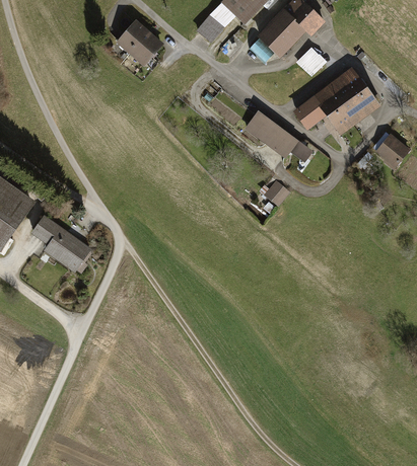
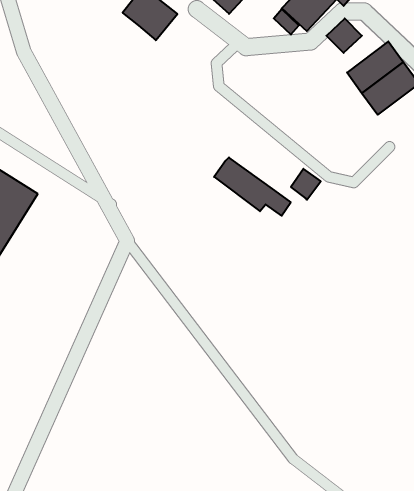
building: [292,94,327,128] -> none
building: [245,110,312,162] -> [214,157,291,216]
building: [30,213,95,273] -> none

